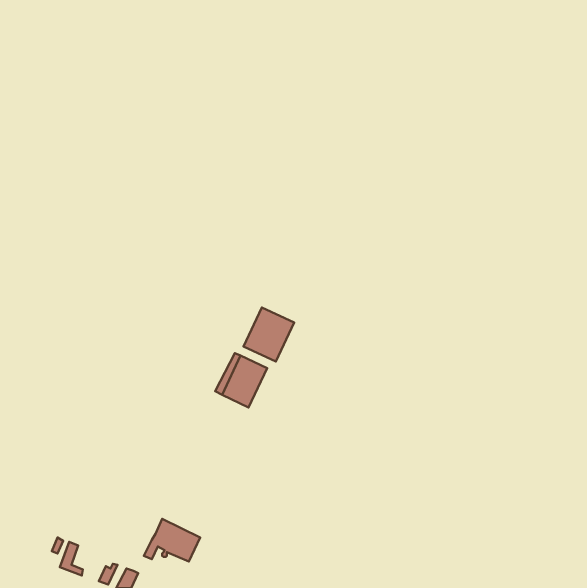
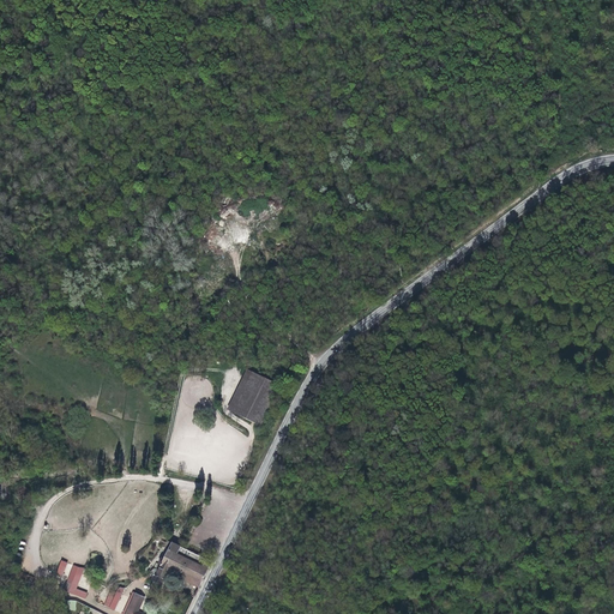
building: [243,307,294,361] -> none

